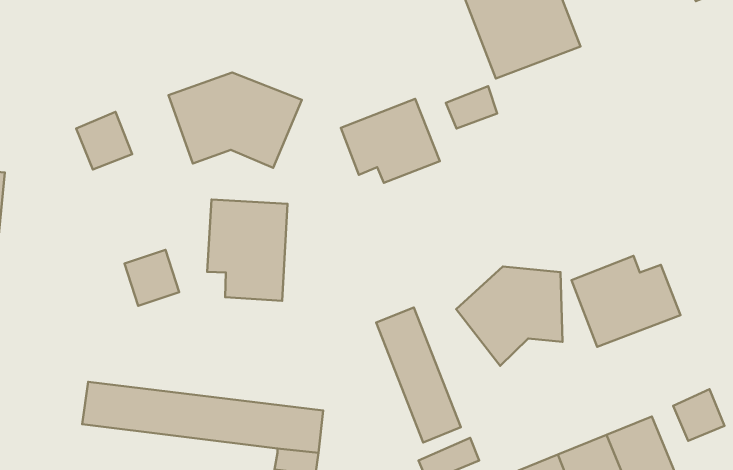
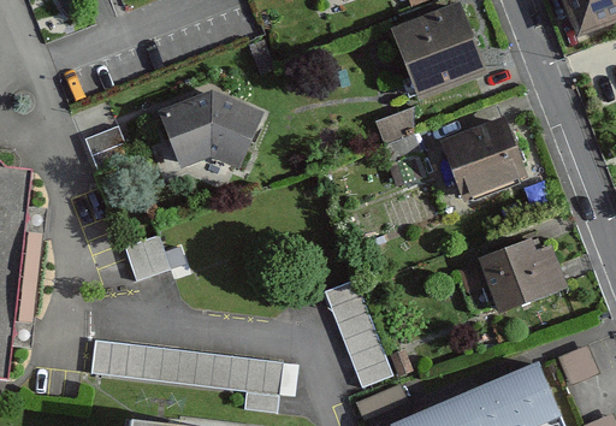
building: [341,99,440,183] -> none
building: none -> [440,119,523,197]
building: [207,199,287,301] -> none
building: [456,267,562,366] -> none

